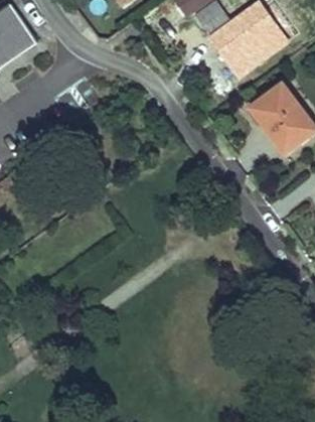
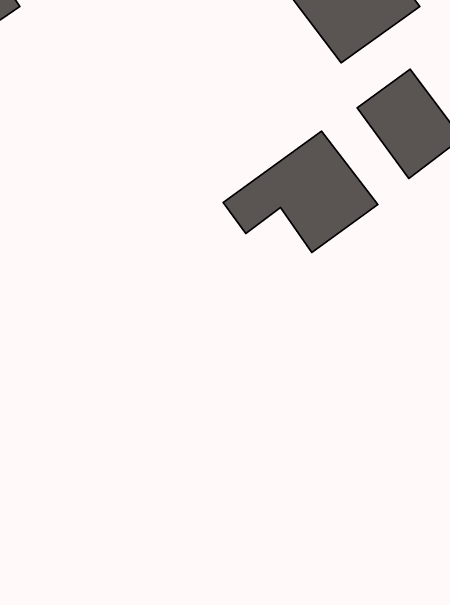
building: none -> [223,131,378,252]

